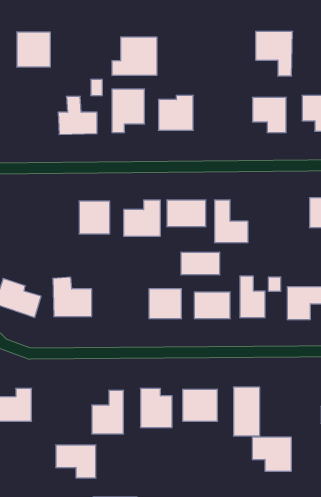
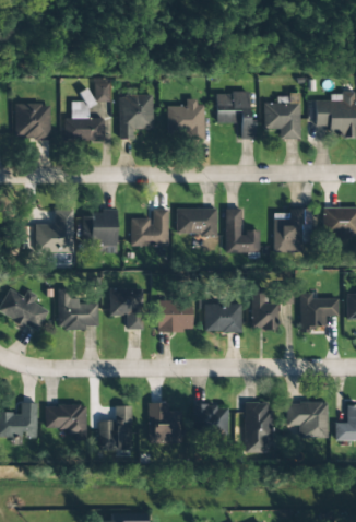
building: [256,32,293,76] -> [216,93,254,139]
building: [17,32,50,67] -> [14,104,49,140]
building: [112,37,157,75] -> none
building: none -> [35,210,73,251]
building: none -> [274,210,312,252]
building: [181,252,220,275] -> none
building: none -> [109,287,143,329]
building: [252,437,291,471] -> [286,402,327,437]
building: [56,445,96,478] -> [45,405,86,439]

